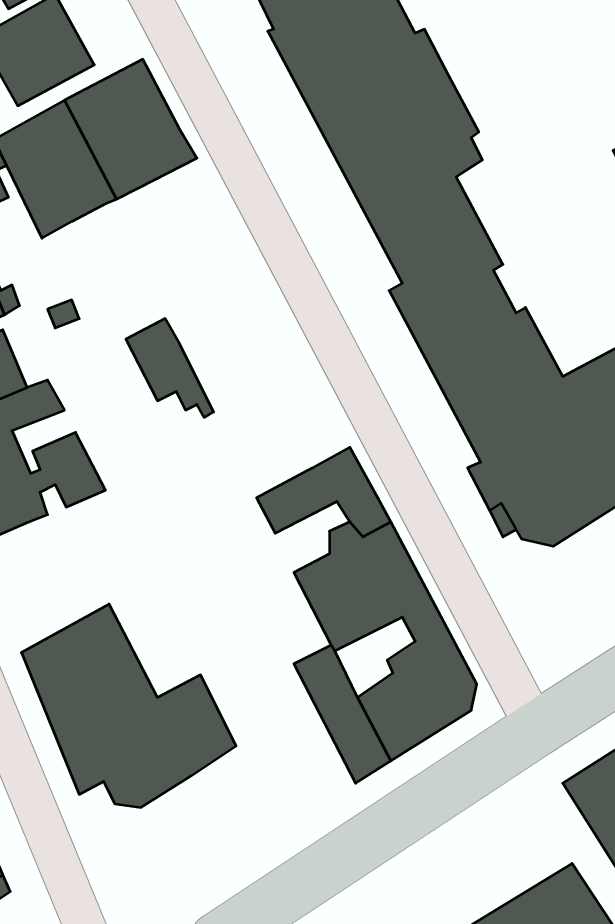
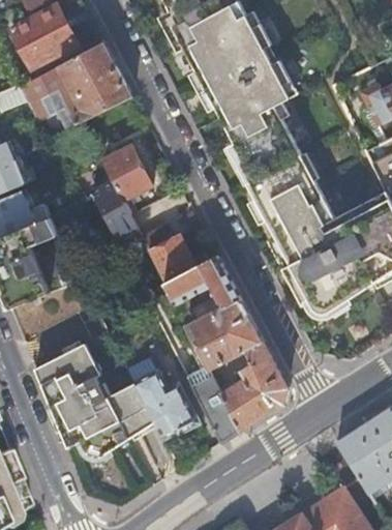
building: none -> [103,145,152,199]
building: none -> [143,228,197,284]
building: none -> [134,371,198,437]

